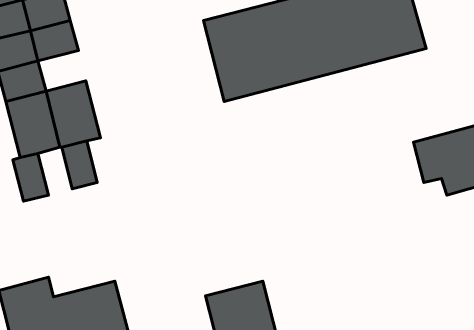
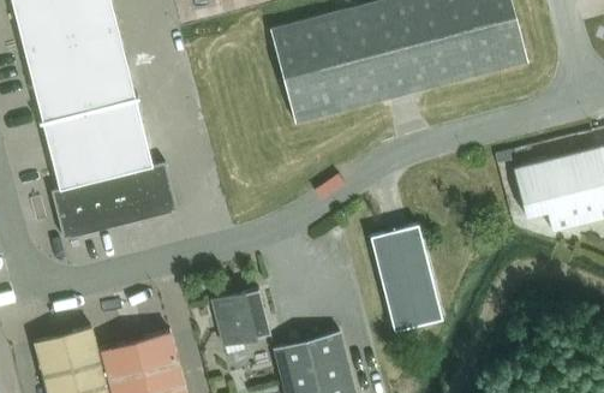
building: none -> [79,64,134,111]
building: none -> [136,161,177,216]
building: none -> [79,175,119,231]
building: none -> [370,224,442,331]
building: none -> [213,288,270,345]

